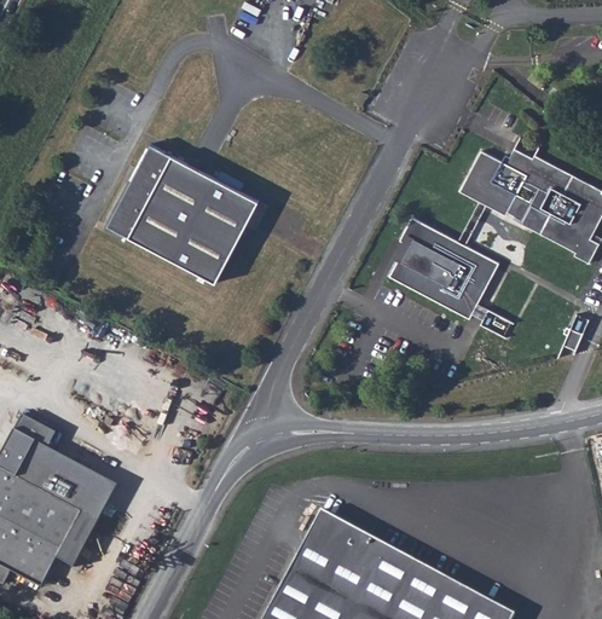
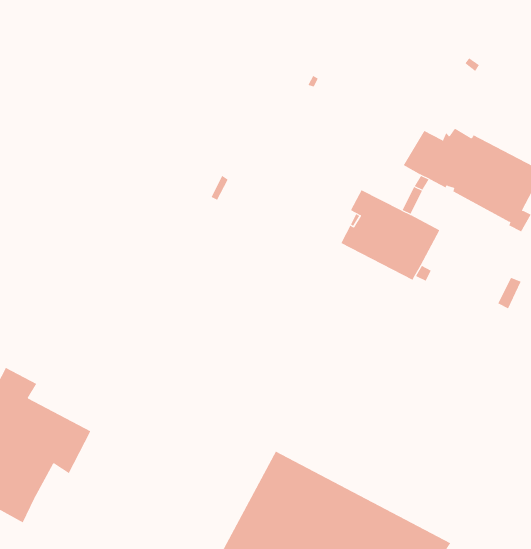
building: [108,145,256,283] -> none
building: [53,520,91,567] -> none

